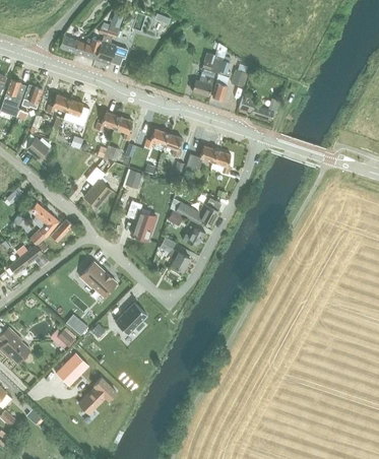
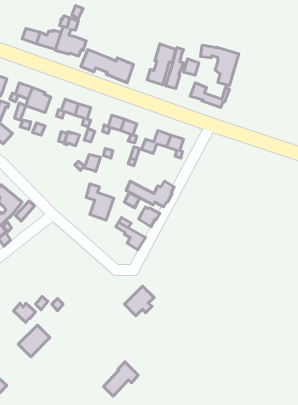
building: none -> [201,45,239,86]
building: none -> [81,50,134,83]
building: [84,167,111,207] -> none
building: [78,261,115,297] -> none
building: [115,302,146,333] -> [124,286,154,316]
building: [78,377,115,413] -> [104,362,138,396]

